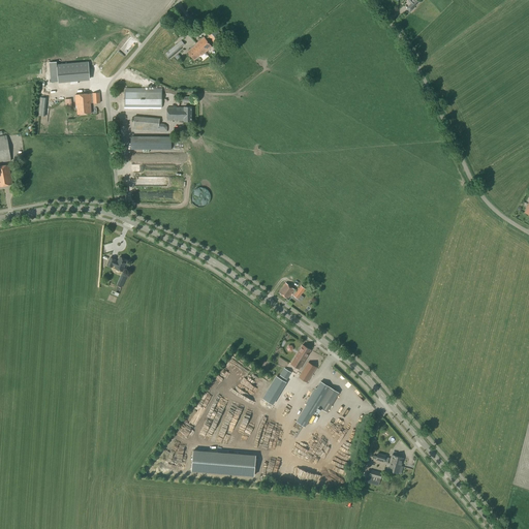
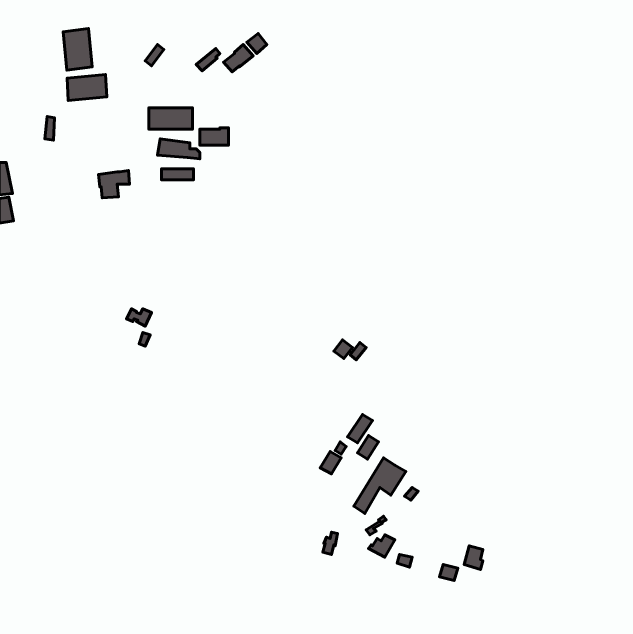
building: none -> [63,29,92,70]
building: [73,92,99,115] -> [99,171,130,198]
building: [190,450,255,476] -> none

